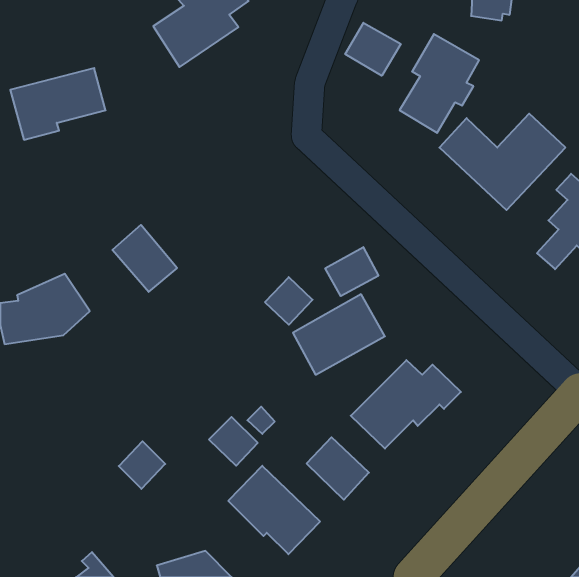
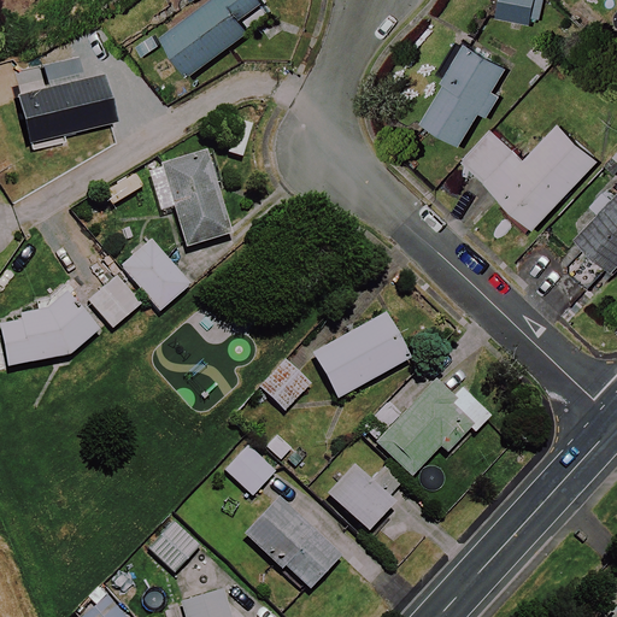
building: [345,23,401,76] -> none
building: none -> [149,152,228,246]
building: [325,247,378,296] -> none
building: none -> [88,274,140,327]
building: [265,277,313,325] -> [259,359,310,410]
building: [119,441,165,489] -> [148,519,198,570]

